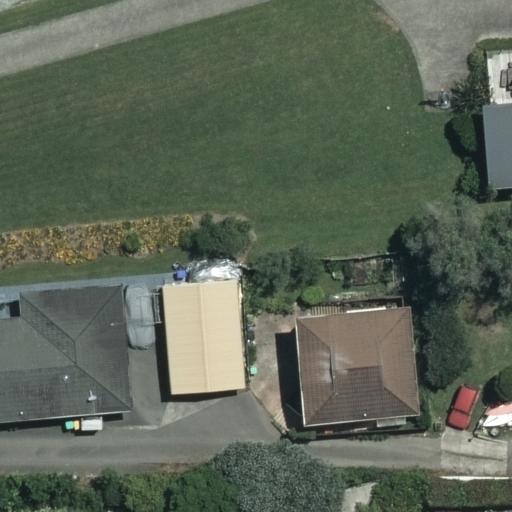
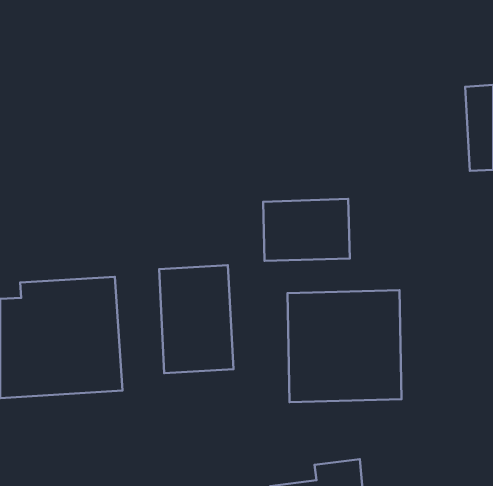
building: none -> [263,199,350,261]

